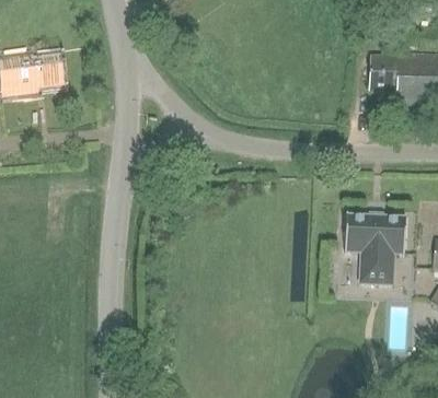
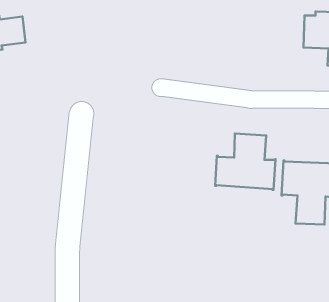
building: none -> [215,133,275,190]

